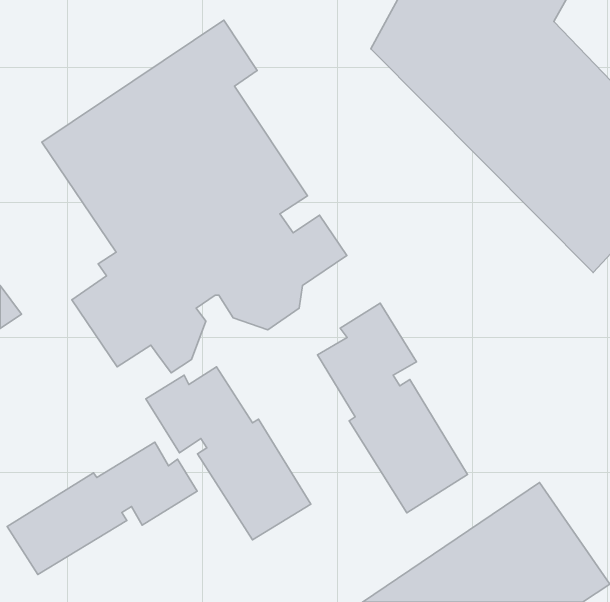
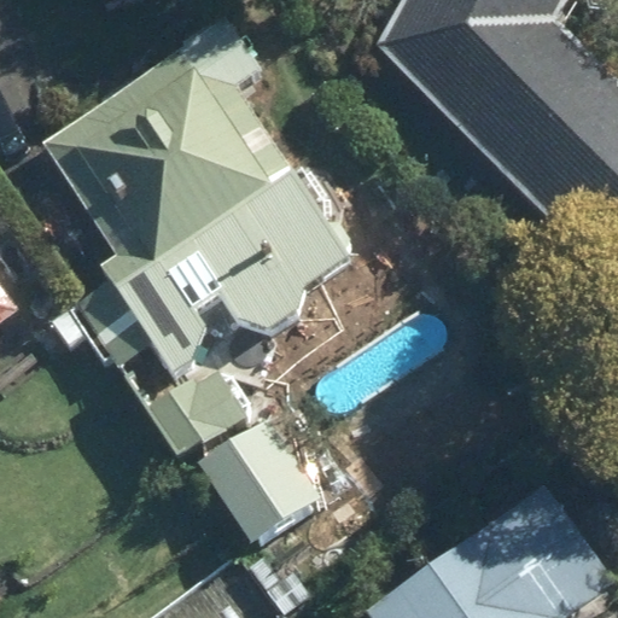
building: [318,303,467,513] -> none
building: [7,442,197,575] -> none

